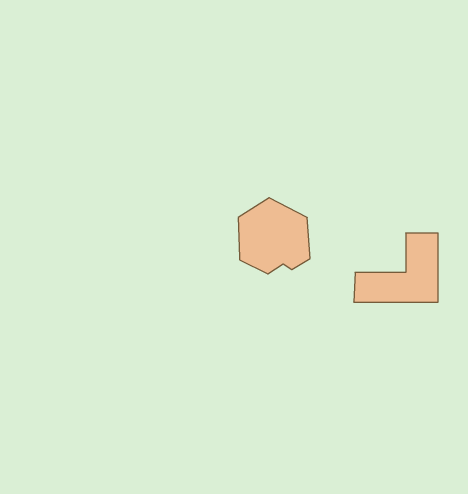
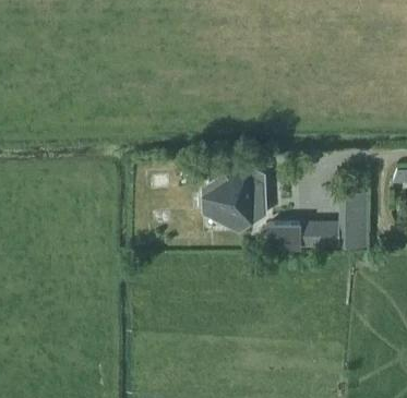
building: none -> [267,225,299,248]

